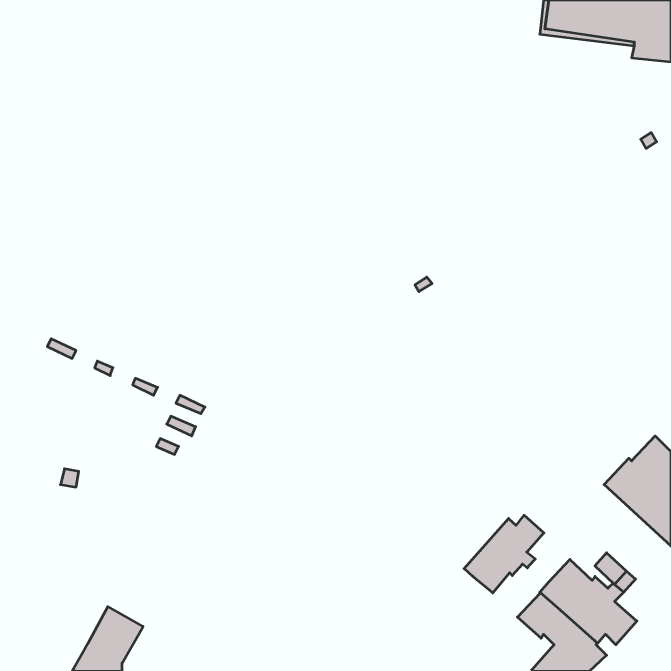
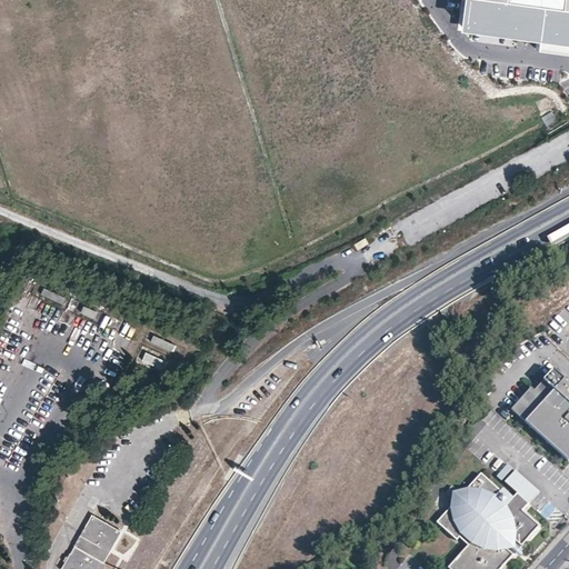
building: [464,515,544,593] -> none

